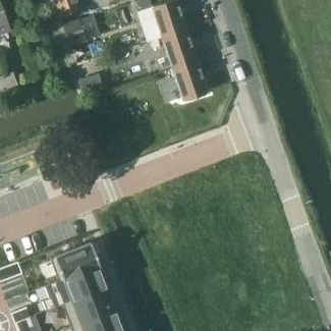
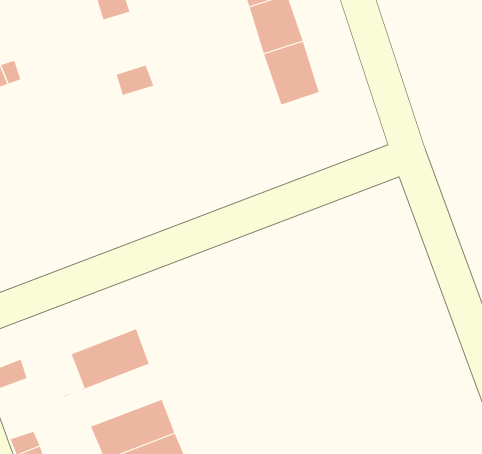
building: [43,264,108,310] -> none

